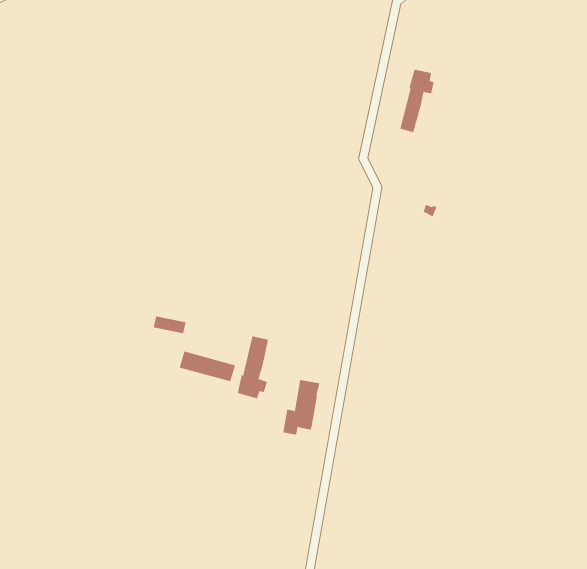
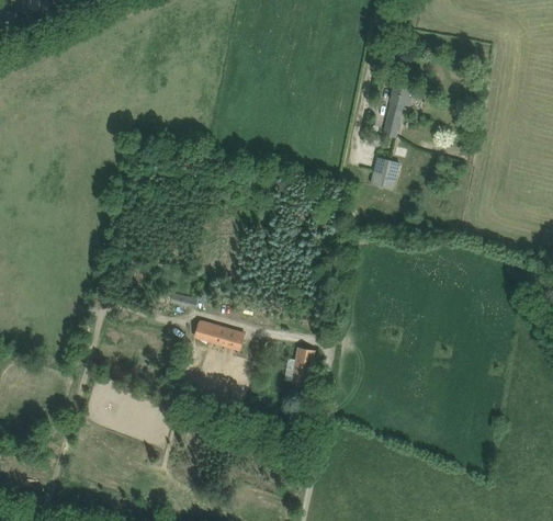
building: none -> [369,156,399,189]
building: [237,335,268,399] -> none

